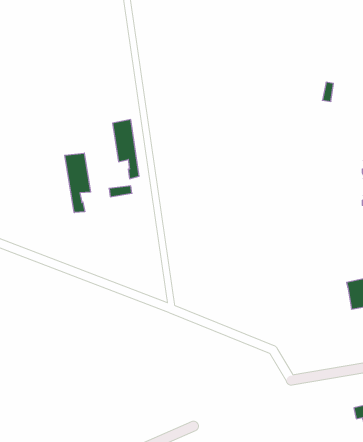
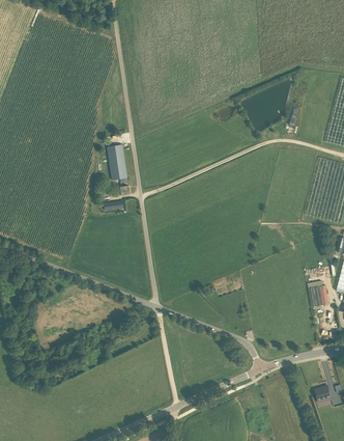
building: [65,153,90,213] -> none

